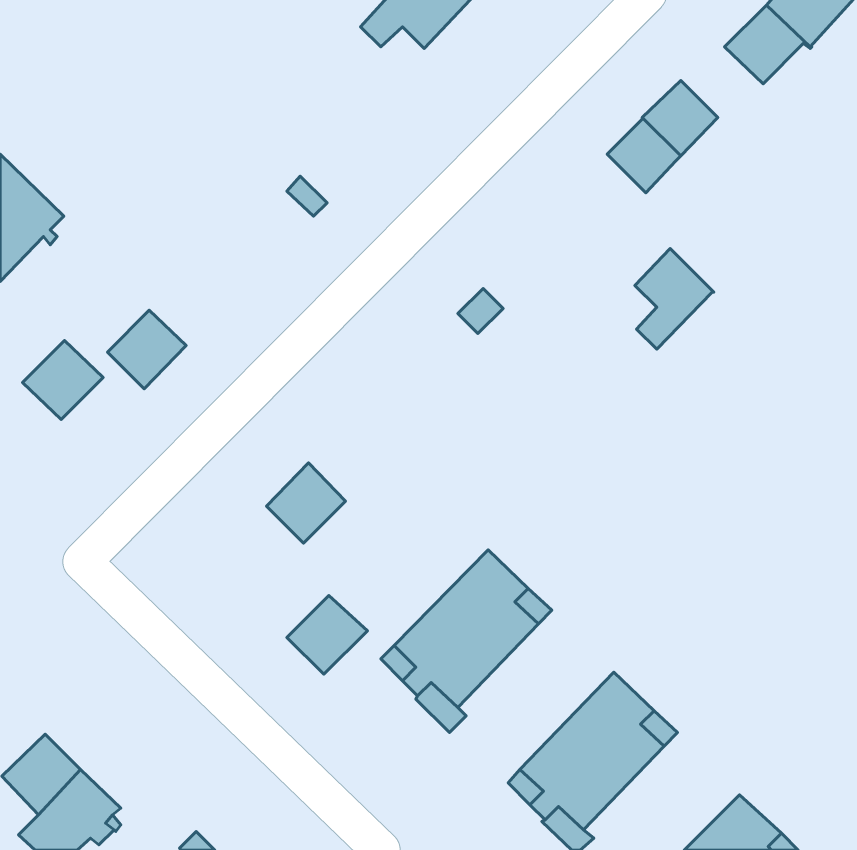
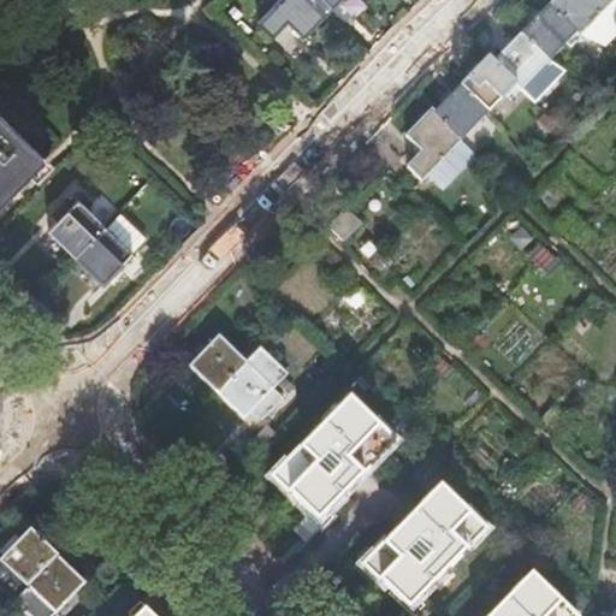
building: none -> [488,34,547,89]
building: [635,249,714,349] -> [407,107,463,179]
building: [23,341,103,419] -> [49,196,107,253]
building: [287,595,367,674] -> [218,360,276,416]

